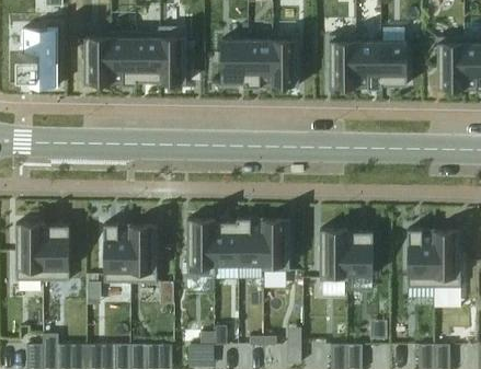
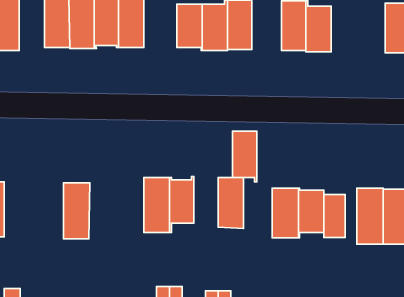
building: [381,42,408,89] -> none
building: [239,218,264,270] -> [232,131,257,182]
building: [43,223,70,280] -> none
building: [130,224,158,282] -> none
building: none -> [324,194,345,237]

